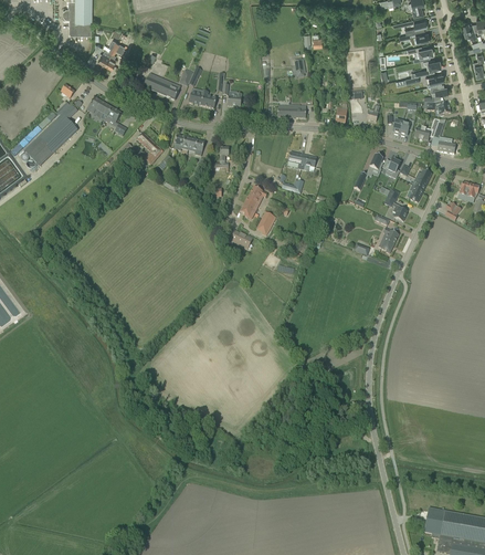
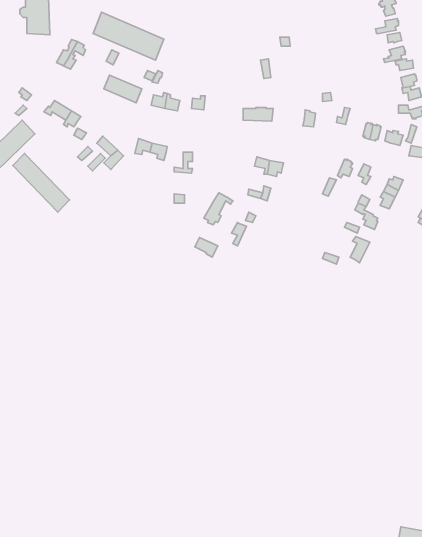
building: none -> [93,12,164,60]
building: none -> [13,154,69,212]

